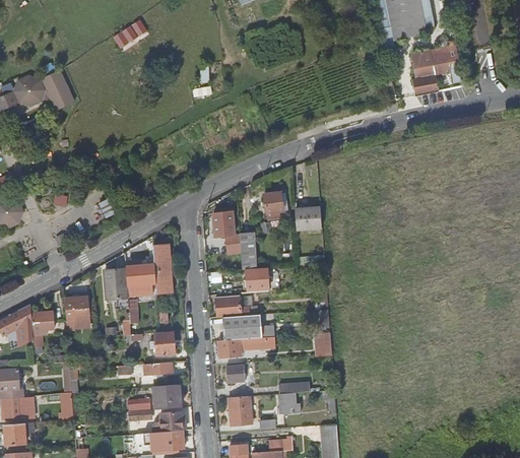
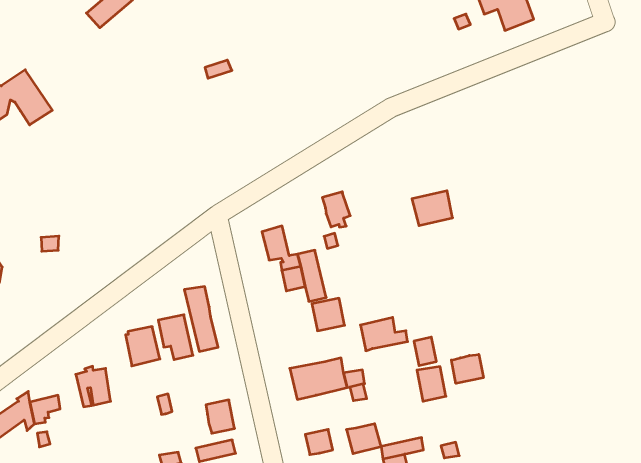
building: [295,208,322,231] -> [412,191,453,226]
building: [215,297,248,318] -> [360,317,408,351]
building: none -> [451,354,483,383]
building: [216,339,240,358] -> [346,424,381,454]

